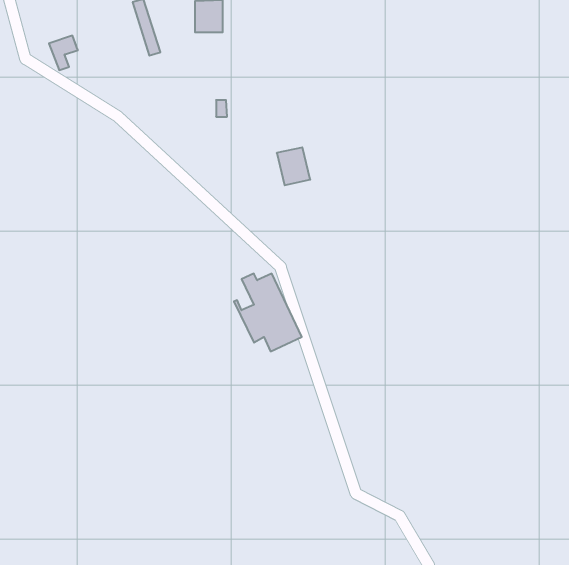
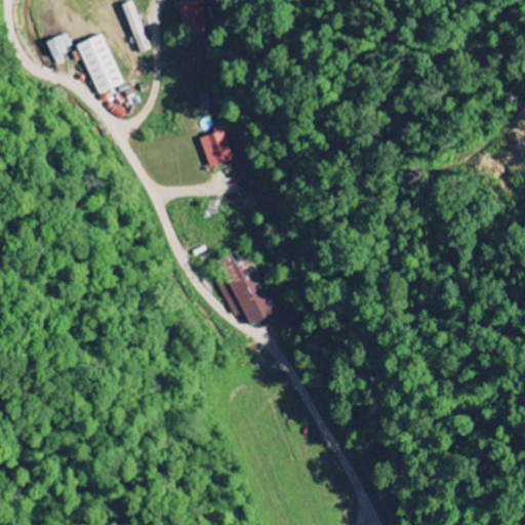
building: none -> [76,33,123,93]
building: [277,147,310,185] -> [200,130,231,165]

